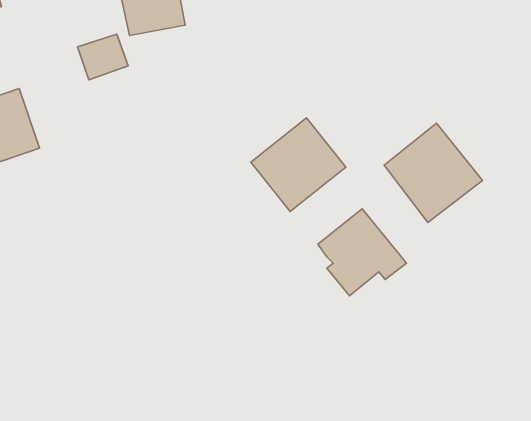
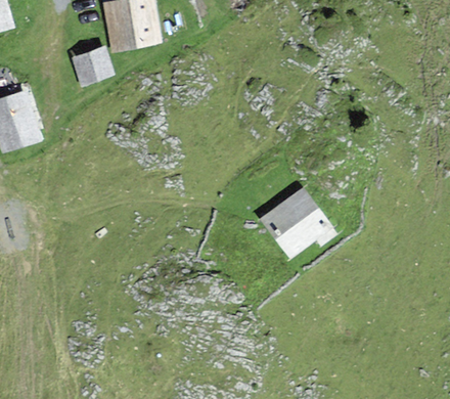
building: [251,118,346,211] -> none
building: [384,123,483,223] -> none

